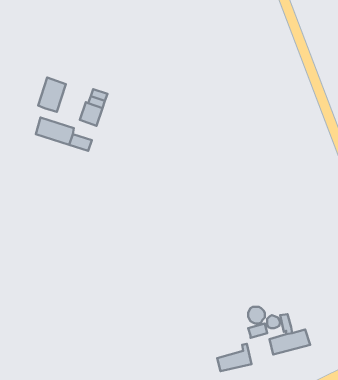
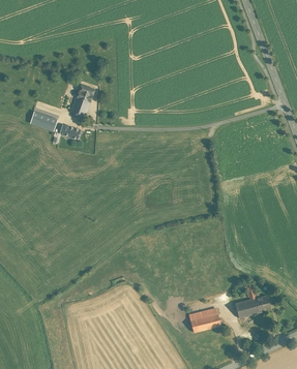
building: [38,78,66,112] -> none

